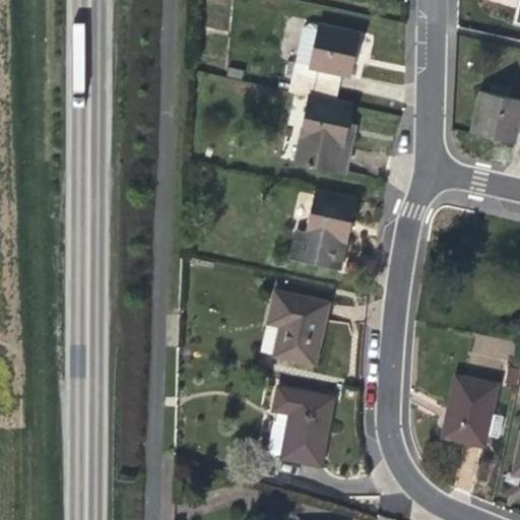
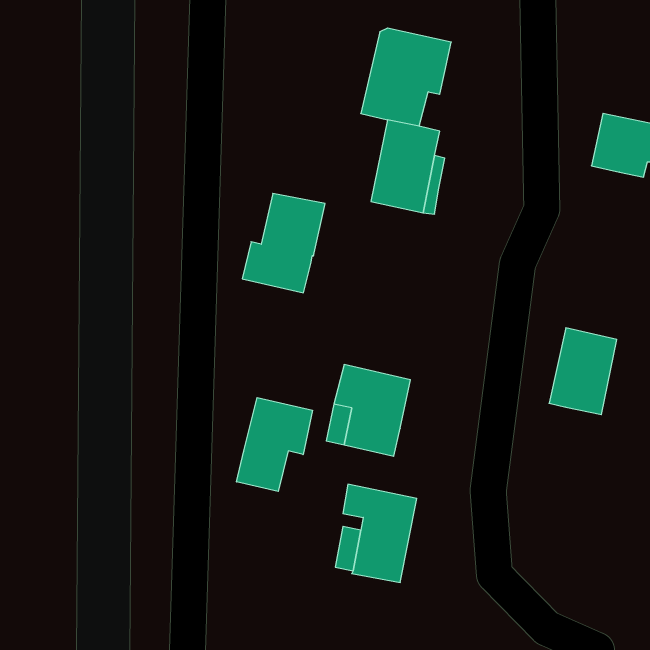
building: [290,191,356,270] -> [242,193,325,293]
building: none -> [237,398,312,491]
building: [443,376,497,445] -> [549,328,617,415]

